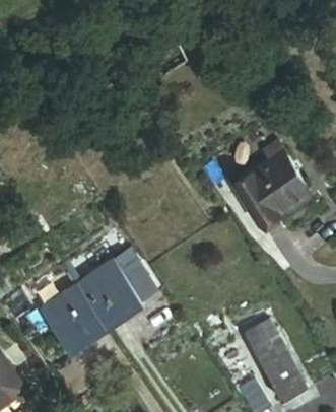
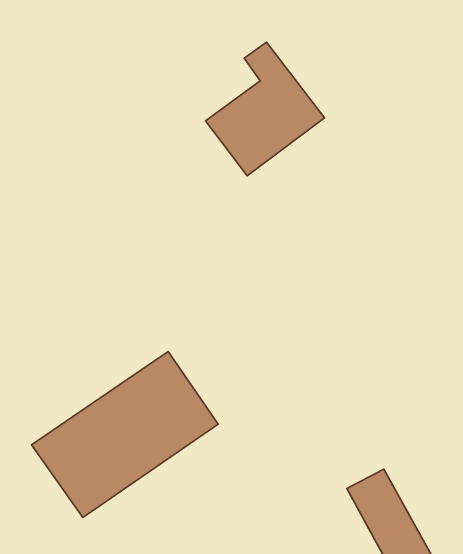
building: [237,141,312,225] -> [205,42,324,176]

